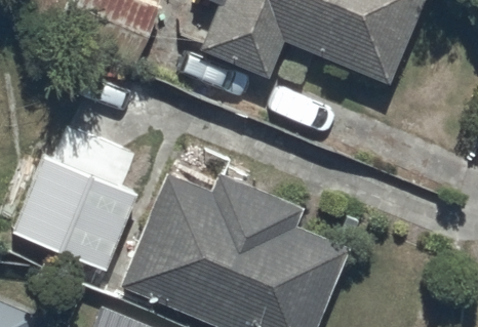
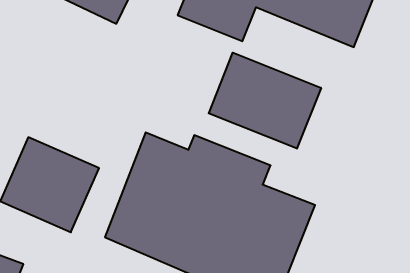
building: none -> [209,53,321,149]

